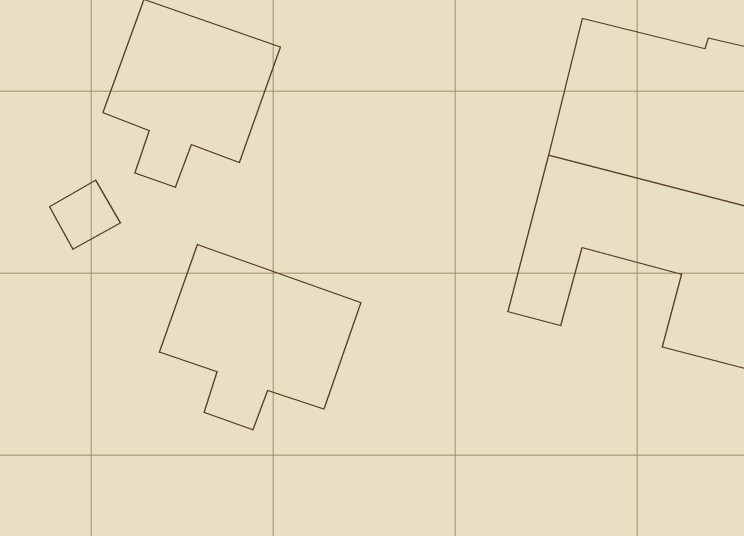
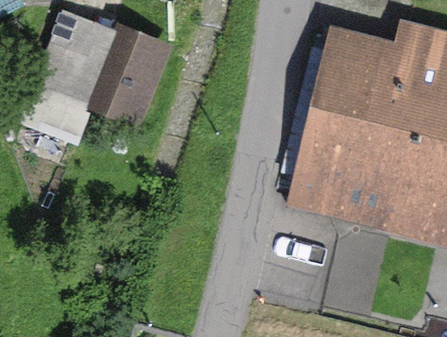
building: [159,244,361,430] -> none

